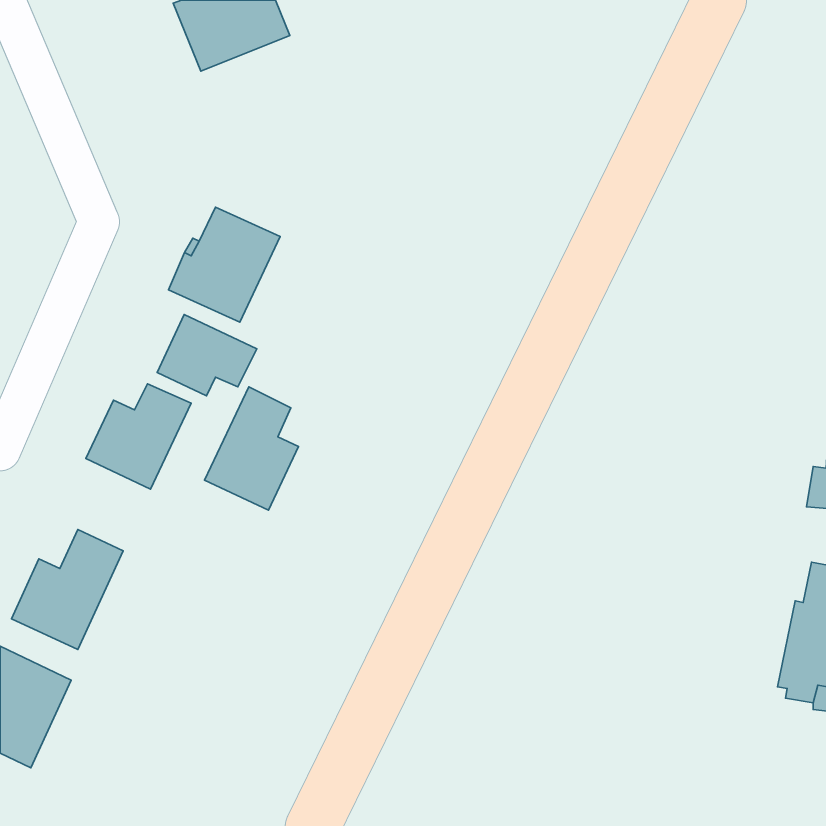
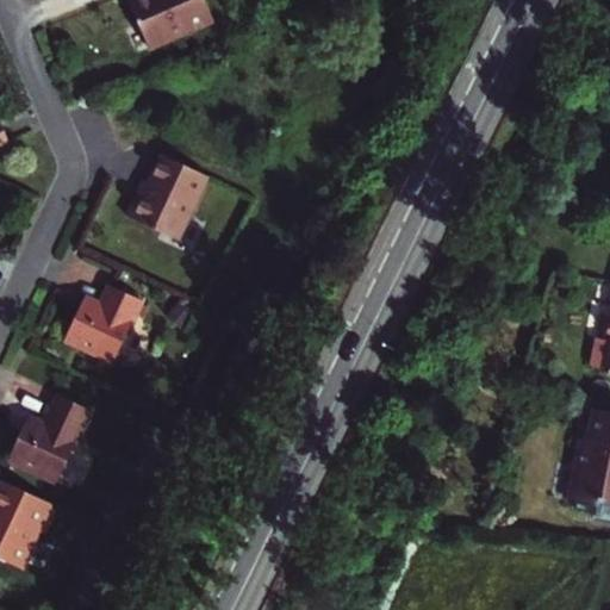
building: [157,314,257,396] -> none
building: [205,387,298,510] -> none

